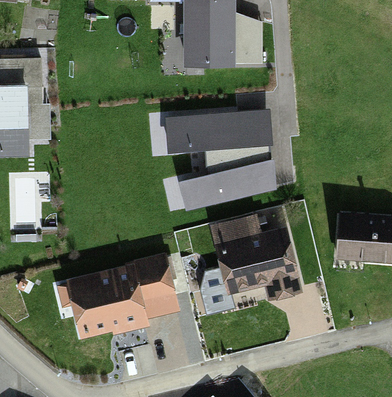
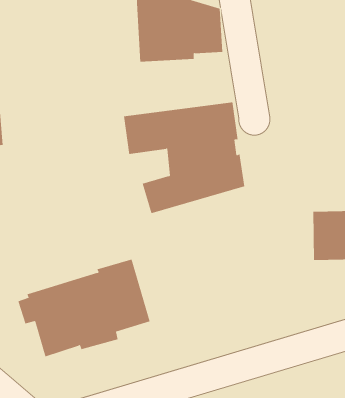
building: [199,213,303,314] -> none

